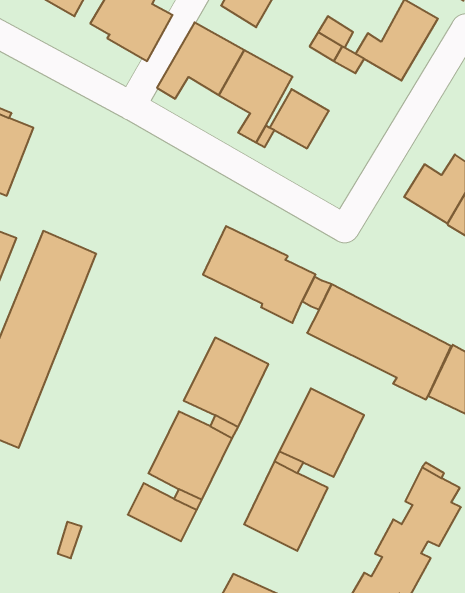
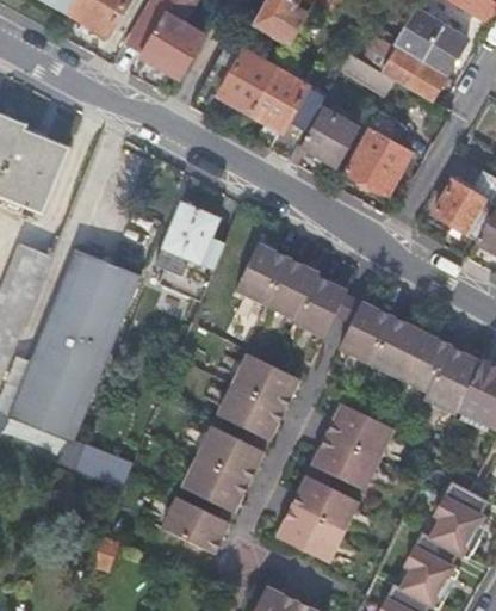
building: none -> [345,110,410,193]
building: none -> [155,200,224,301]
building: none -> [54,270,140,488]

